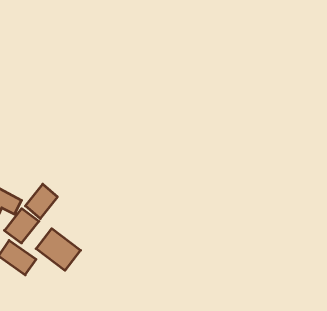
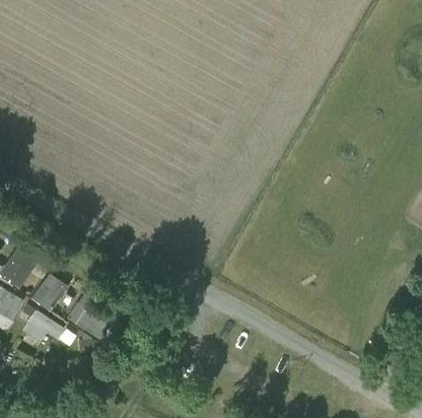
building: [25,184,57,219] -> none

